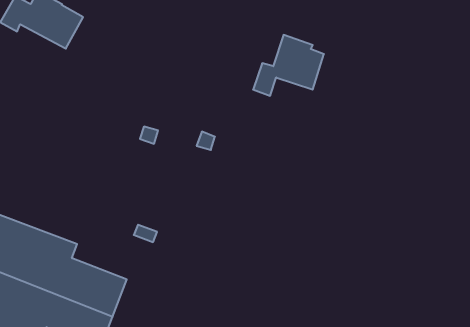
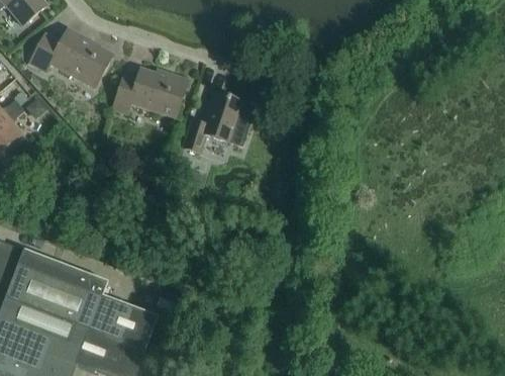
building: none -> [113,68,187,117]
building: [253,35,324,96] -> [183,91,254,152]

